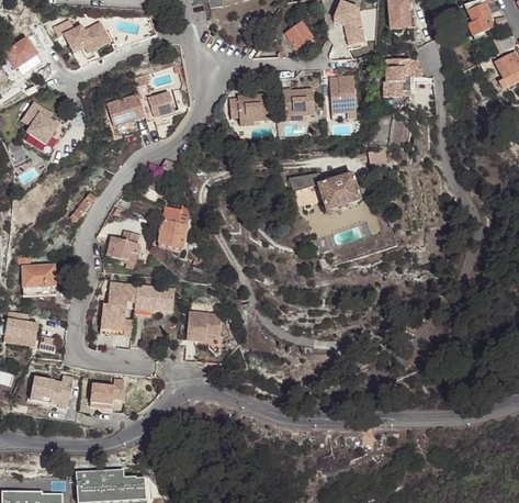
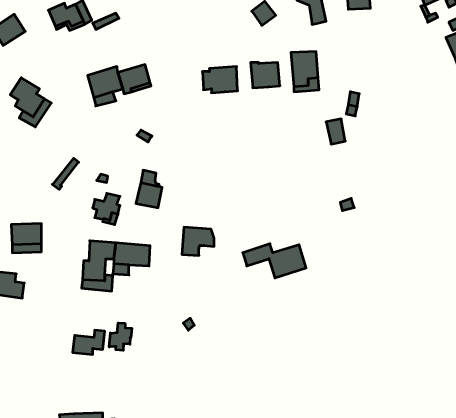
building: [382,60,420,99] -> none
building: [290,172,359,210] -> [243,244,306,278]
building: [187,311,222,342] -> [182,227,214,255]
building: [30,370,74,402] -> none
building: none -> [109,323,132,350]

